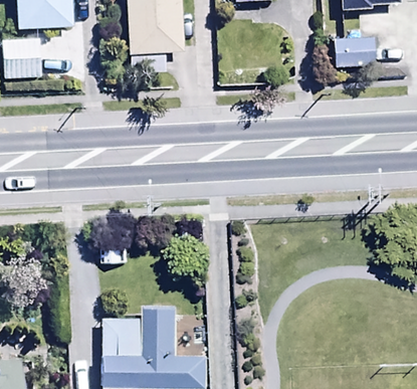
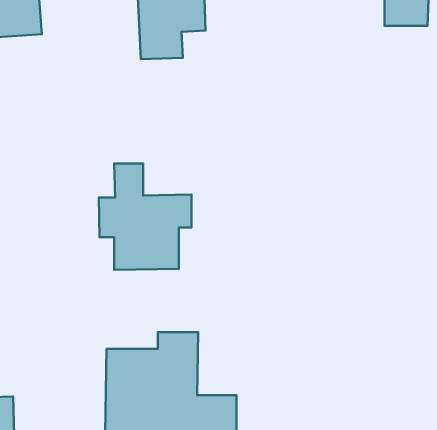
building: none -> [99,164,192,270]

